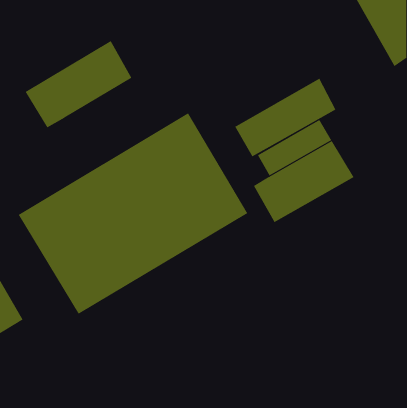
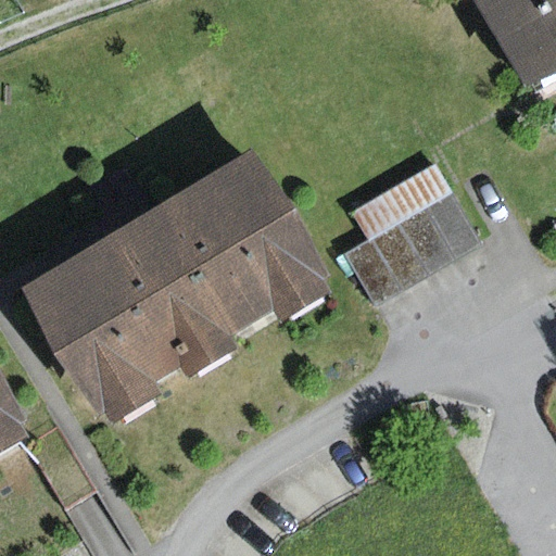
building: [25,40,132,128] -> none
building: [234,78,336,157] -> none

